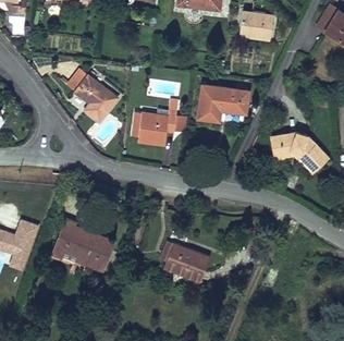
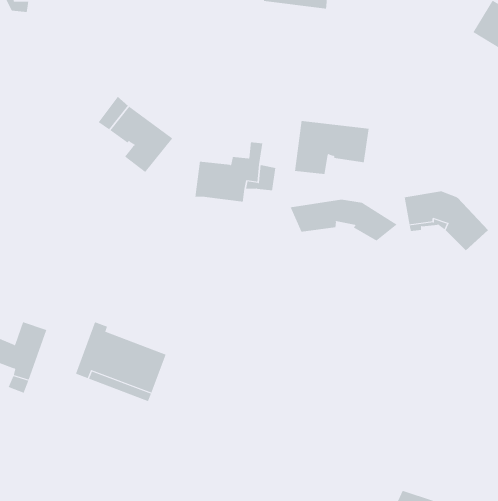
building: [239,10,273,39] -> none
building: none -> [290,199,398,242]
building: [162,242,210,282] -> none

